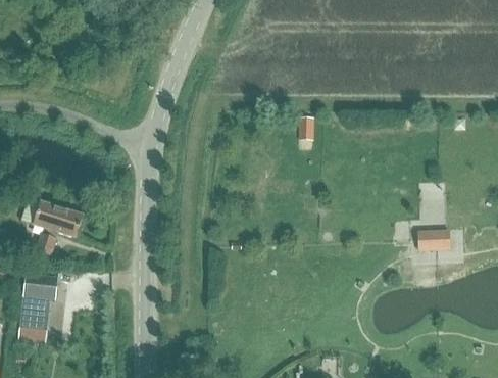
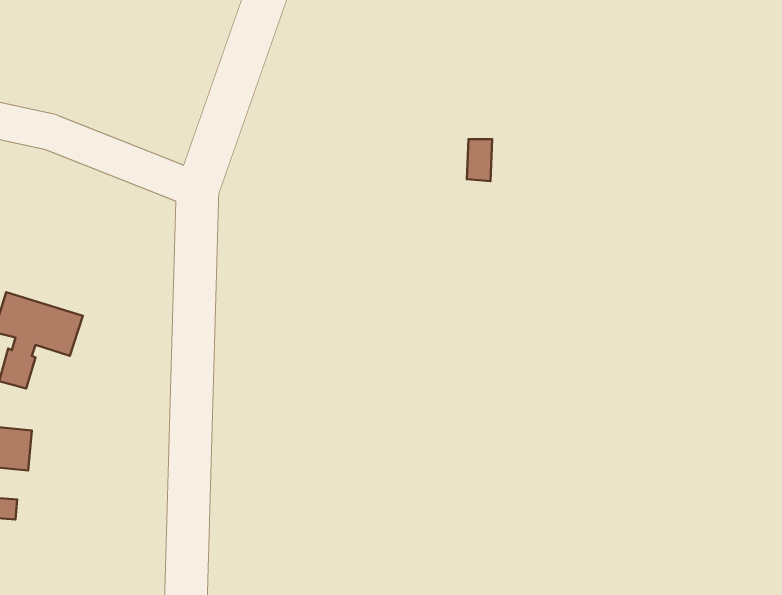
building: [417,231,449,251] -> none

